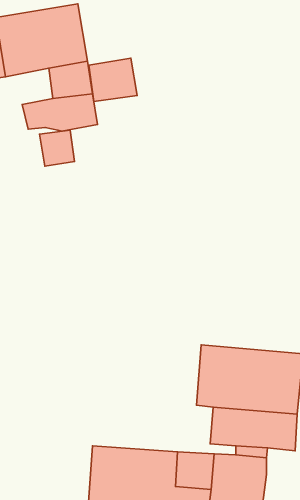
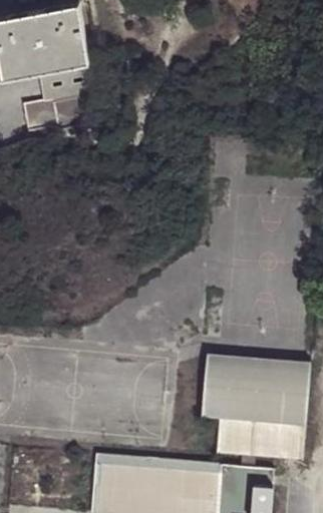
building: [89,58,137,101] -> none
building: [40,130,74,166] -> none

